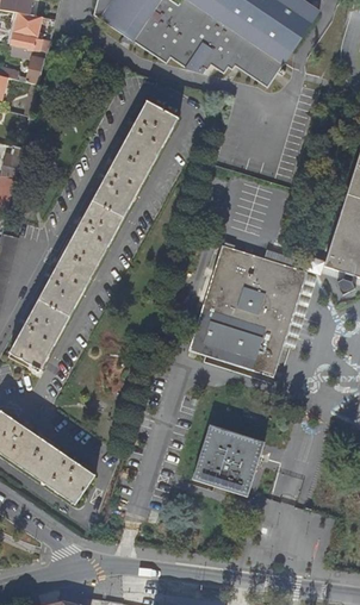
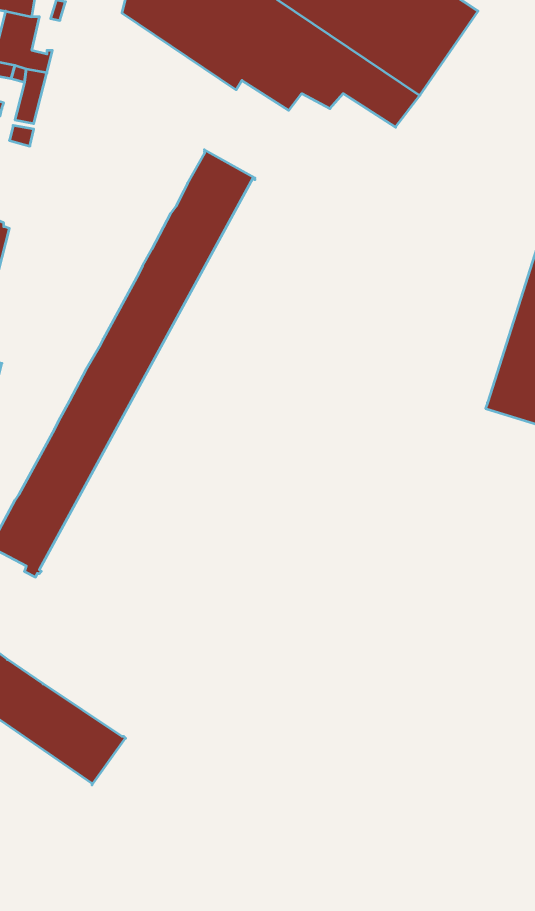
building: [187,243,306,376] -> none
building: [192,423,263,494] -> none

